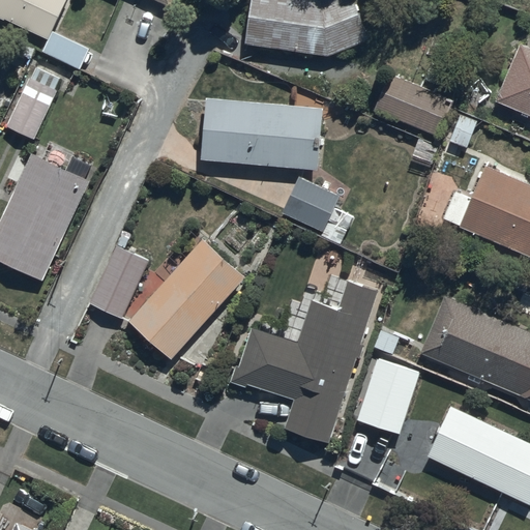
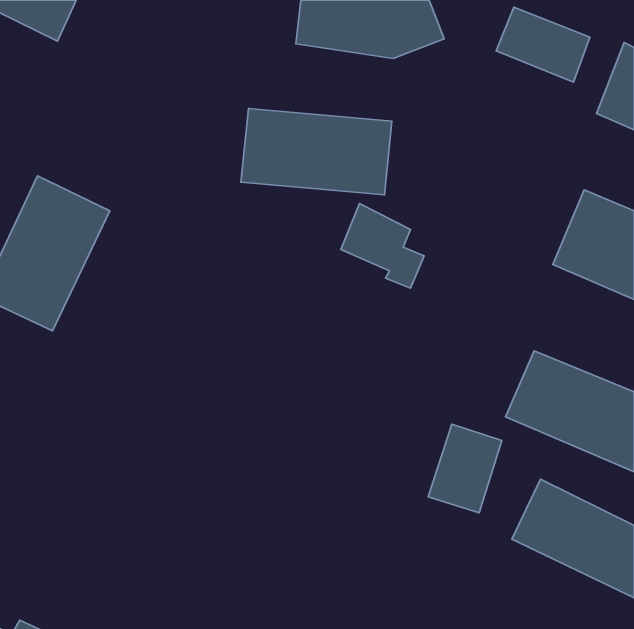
building: [6,67,63,141] -> none
building: [373,76,450,138] -> [496,7,590,82]
building: [129,238,245,359] -> none
building: [89,245,149,320] -> none
building: [230,281,376,443] -> none

